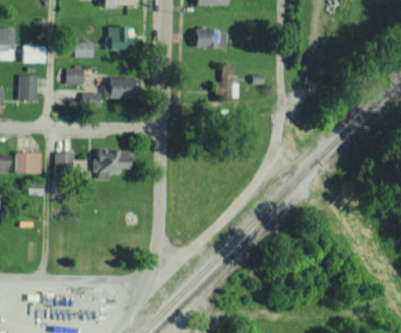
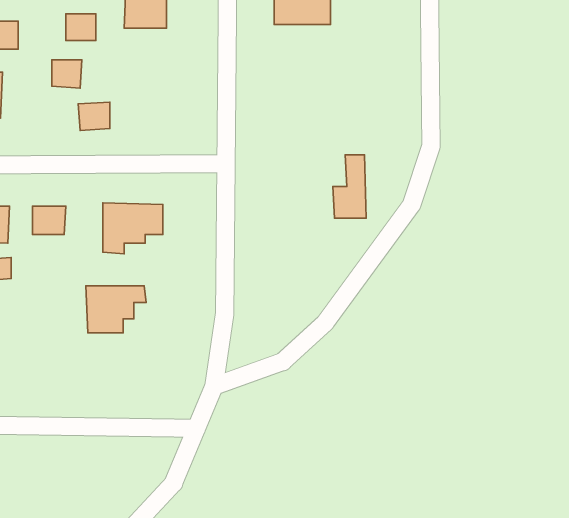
building: [214,64,233,101] -> [333,155,366,218]
building: [109,77,137,98] -> none
building: none -> [86,286,146,333]

